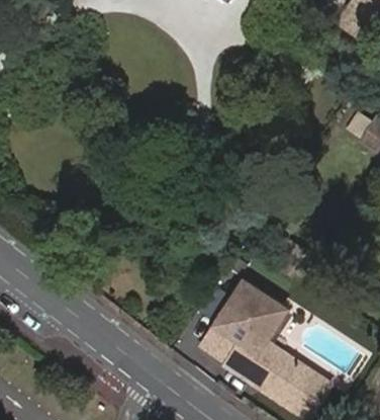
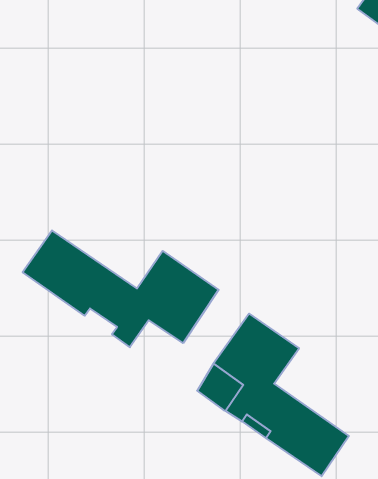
building: none -> [23,230,219,347]

